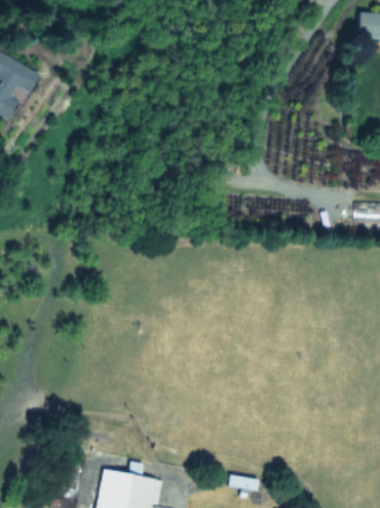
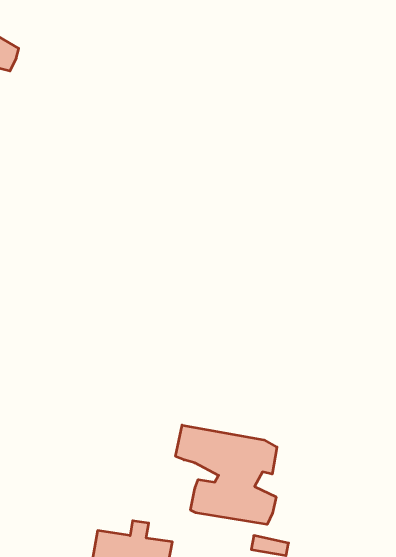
building: none -> [176,425,277,524]

